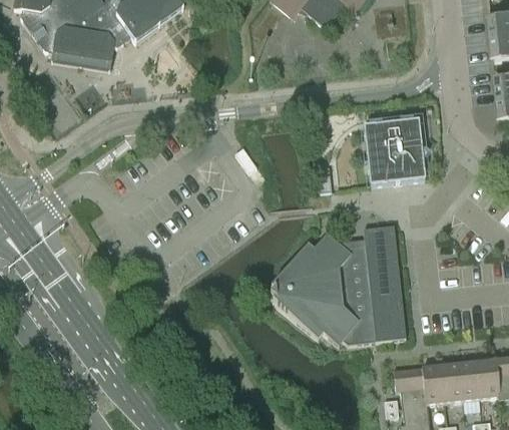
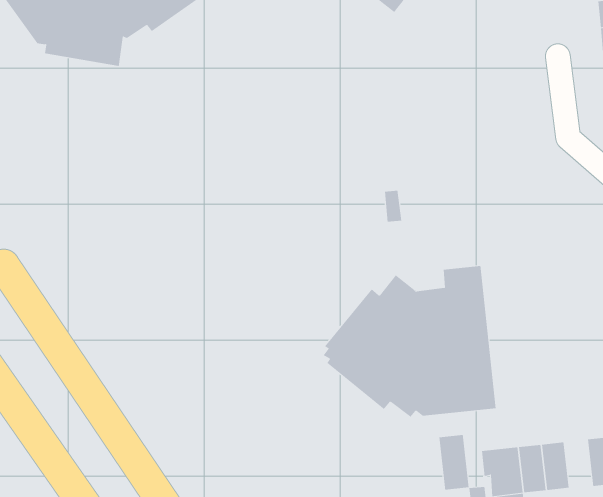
building: [364,118,427,183] -> none
building: none -> [439,434,469,490]
building: [459,361,481,399] -> none

